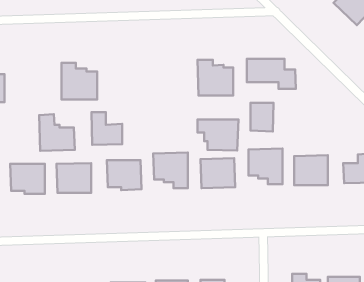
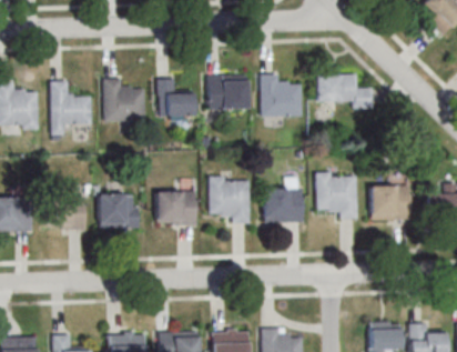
building: none -> [207,74,246,110]
building: [251,103,273,131] -> none
building: [91,112,122,145] -> [158,79,193,117]
building: [39,114,75,151] -> [50,81,91,123]
building: [198,119,238,151] -> none

